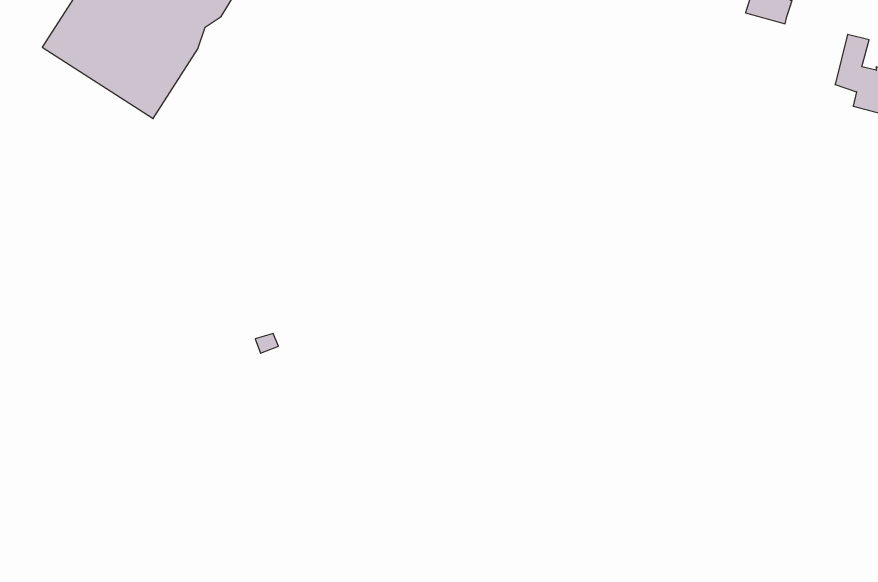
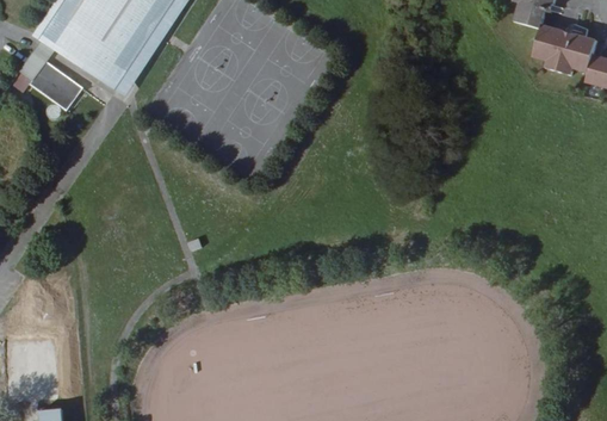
building: none -> [529,21,580,75]
building: none -> [21,60,80,109]

